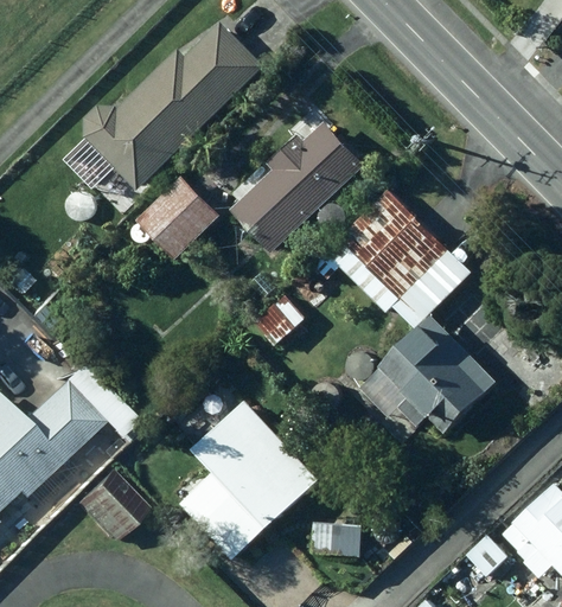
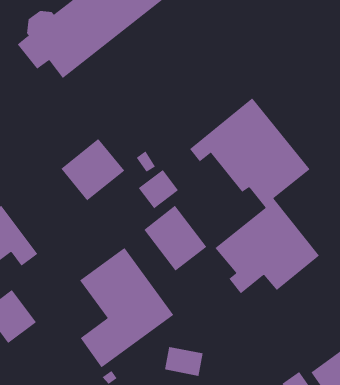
building: [232,121,368,253] -> none
building: [136,175,221,258] -> [60,138,125,201]
building: none -> [143,205,207,271]

